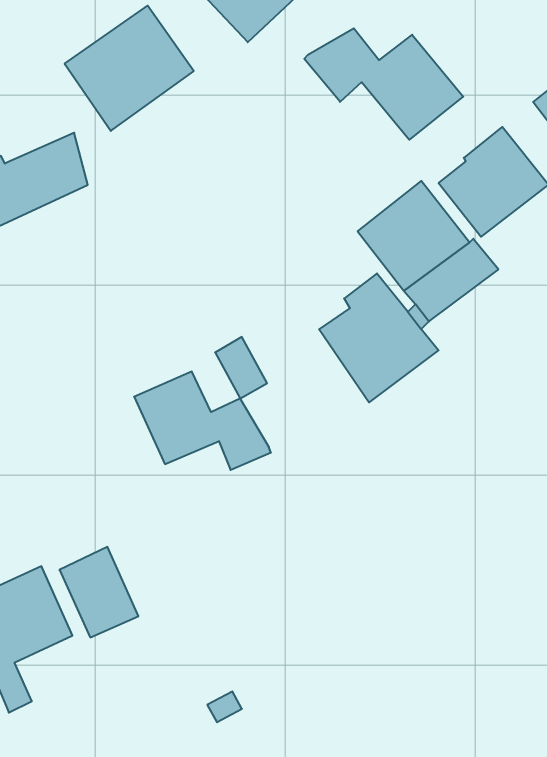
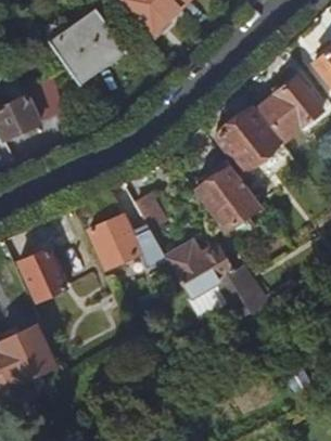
building: [304,28,463,140] -> none
building: none -> [167,245,259,319]
building: [59,547,138,637] -> [23,249,67,300]

